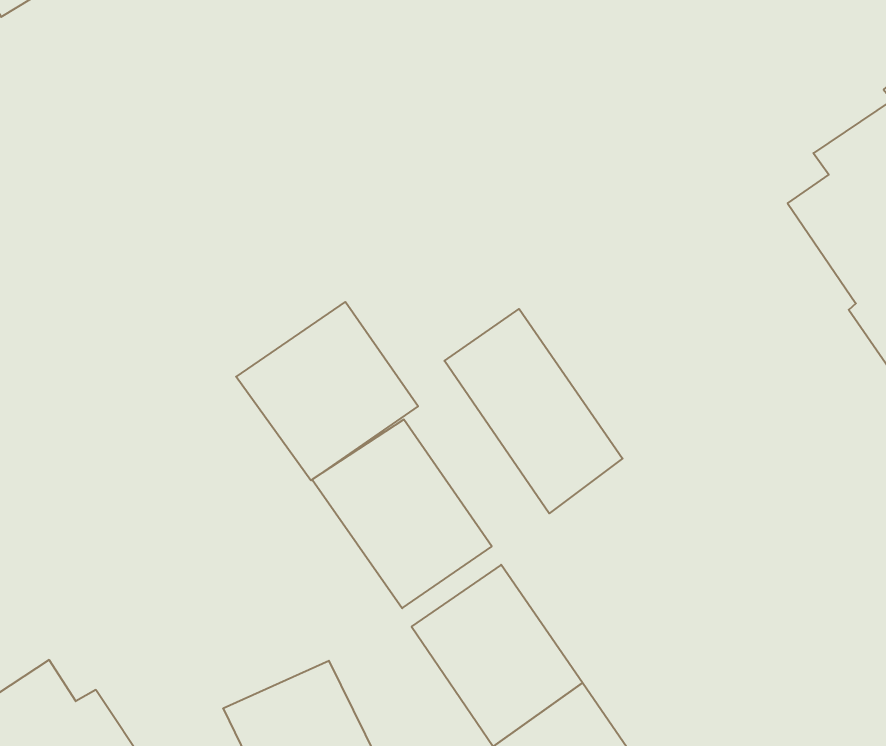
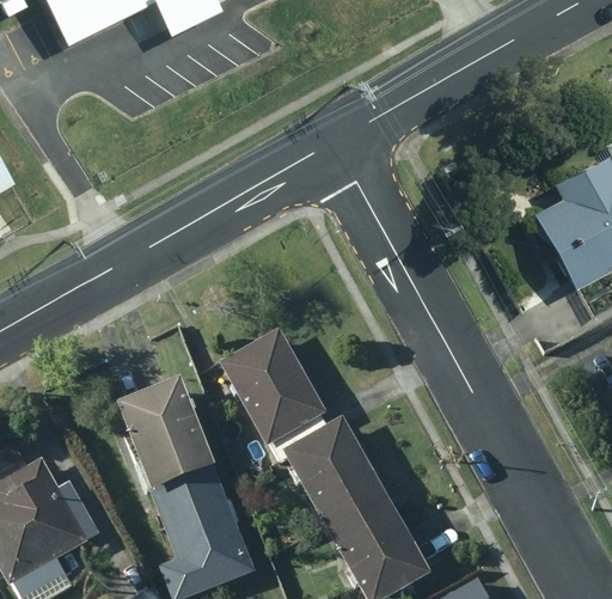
building: [236,302,418,480] -> none
building: [444,309,623,513] -> none
building: none -> [121,374,221,497]

